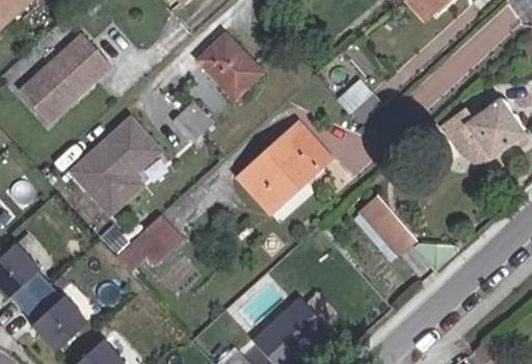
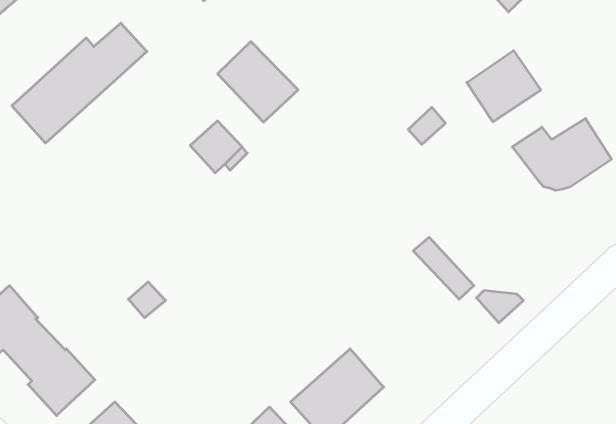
building: none -> [467,51,541,122]
building: [72,118,160,213] -> none
building: [236,124,329,214] -> none
building: [133,215,181,263] -> none

